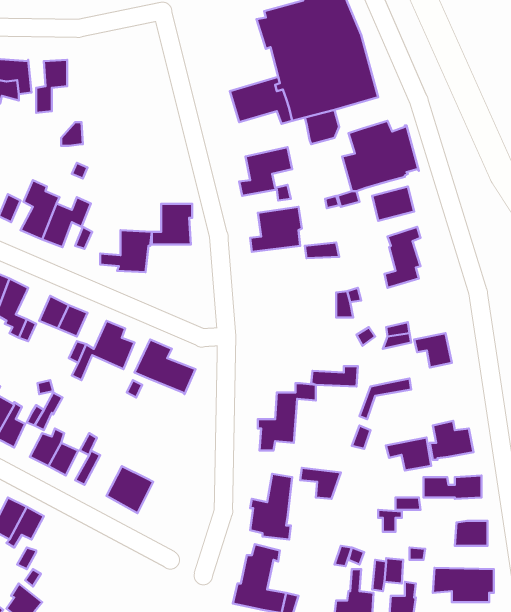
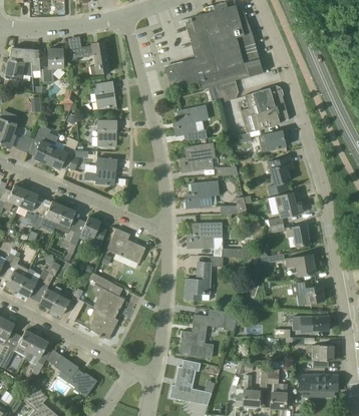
building: none -> [68,42,110,74]
building: none -> [94,82,116,110]
building: [152,204,192,244] -> [91,120,117,146]
building: none -> [185,181,219,209]
building: none -> [275,192,304,217]
building: none -> [187,223,222,249]
building: none -> [89,273,124,318]
building: [386,438,431,470] -> [286,255,315,276]
building: none -> [54,356,97,397]

